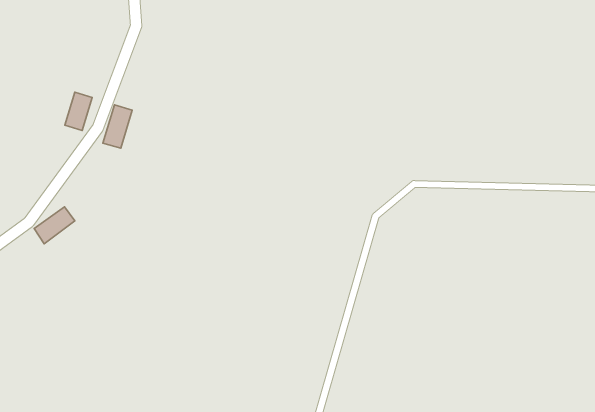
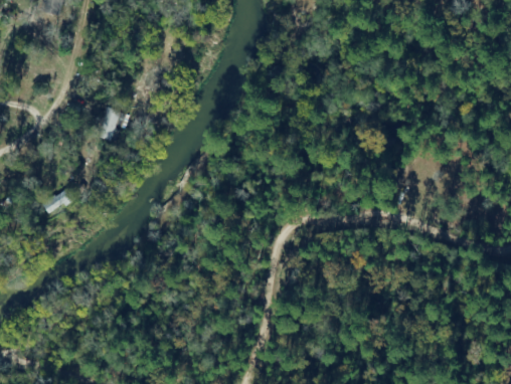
building: [65,92,92,131] -> none

